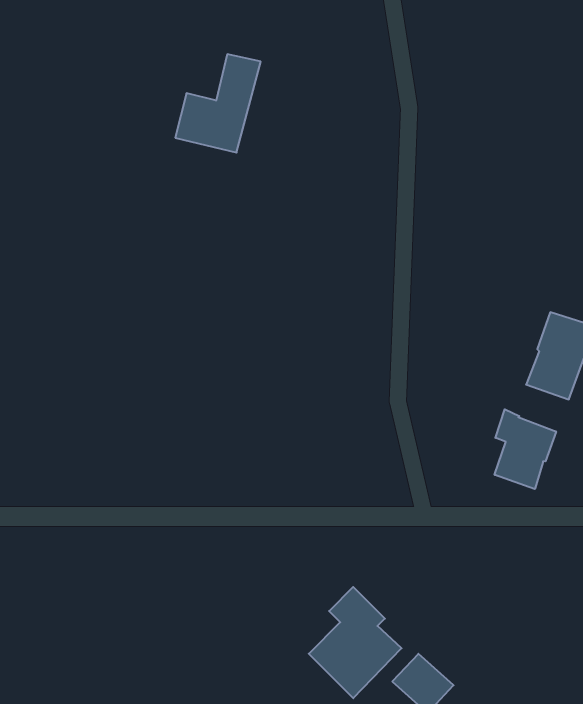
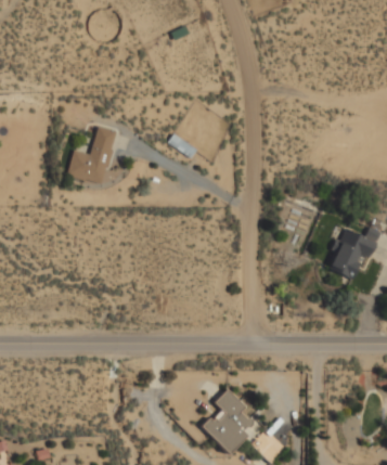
building: [175,54,261,153] -> [67,127,117,184]
building: [495,409,556,489] -> none

